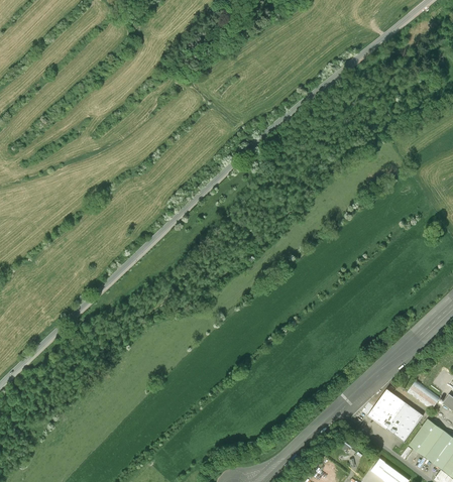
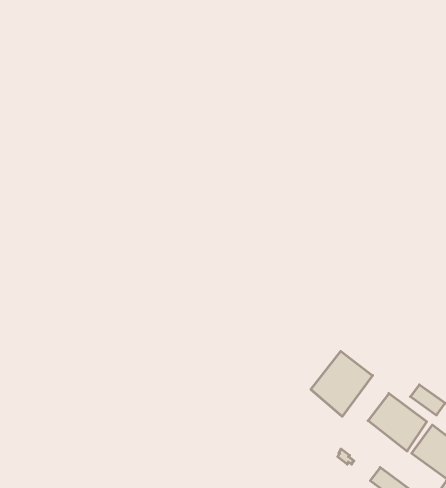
building: none -> [311,351,373,416]

